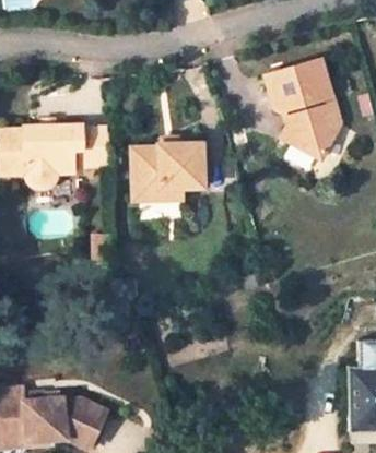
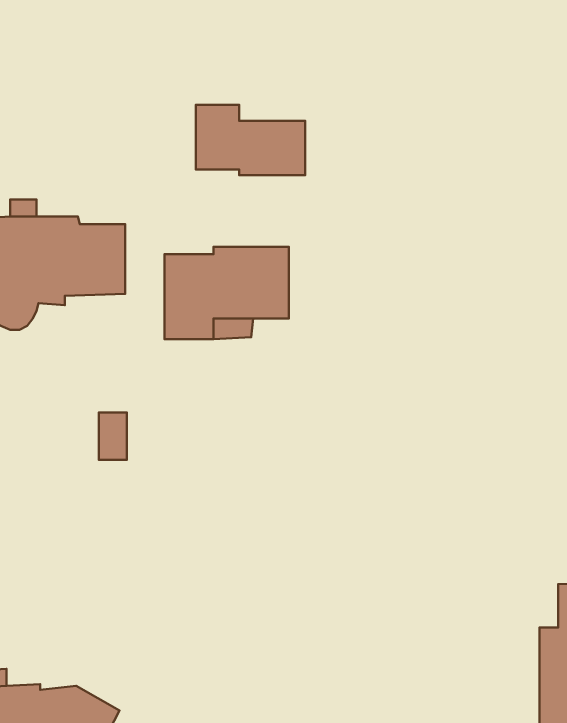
building: none -> [196,105,305,175]
building: [266,62,344,158] -> none

